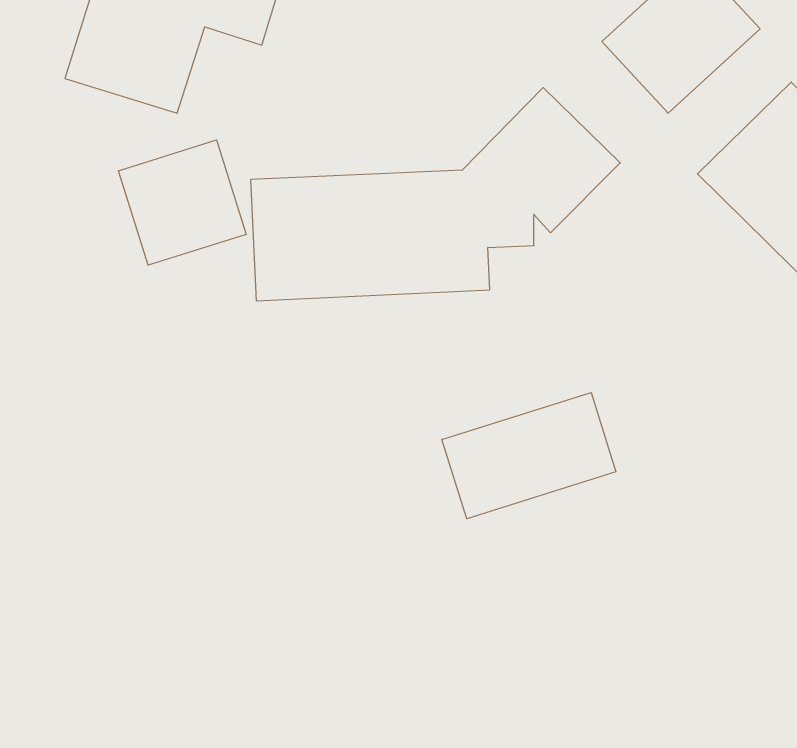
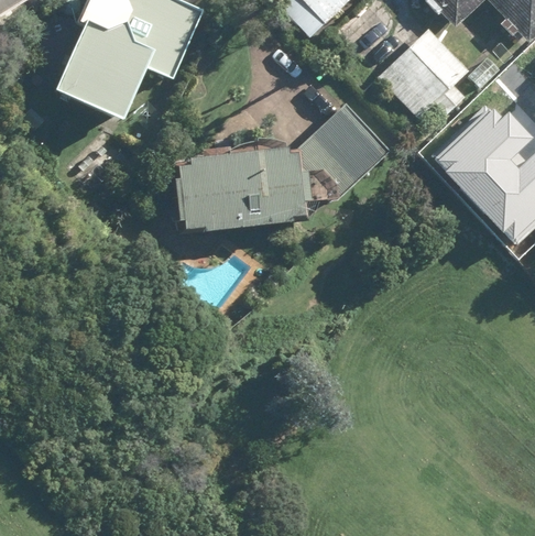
building: [119,140,246,265] -> none
building: [442,393,616,519] -> none

